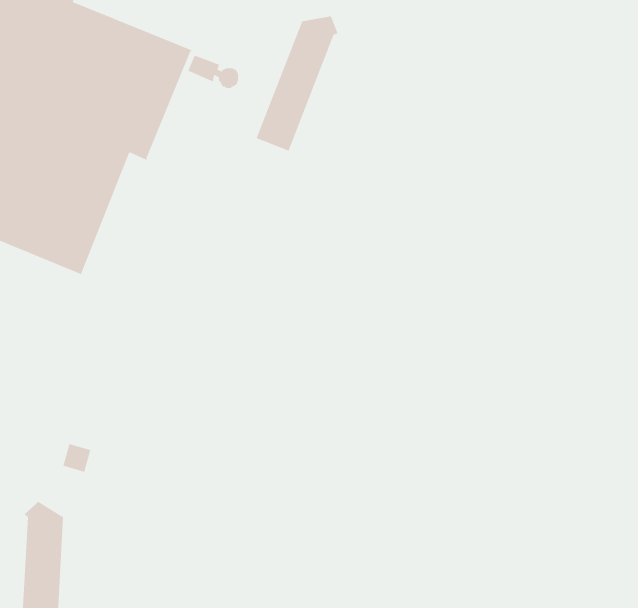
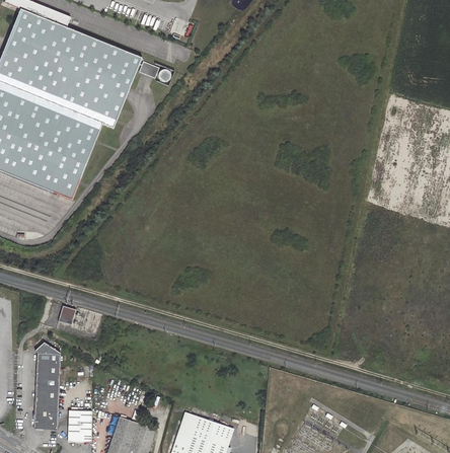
building: [256,16,338,152] -> none

